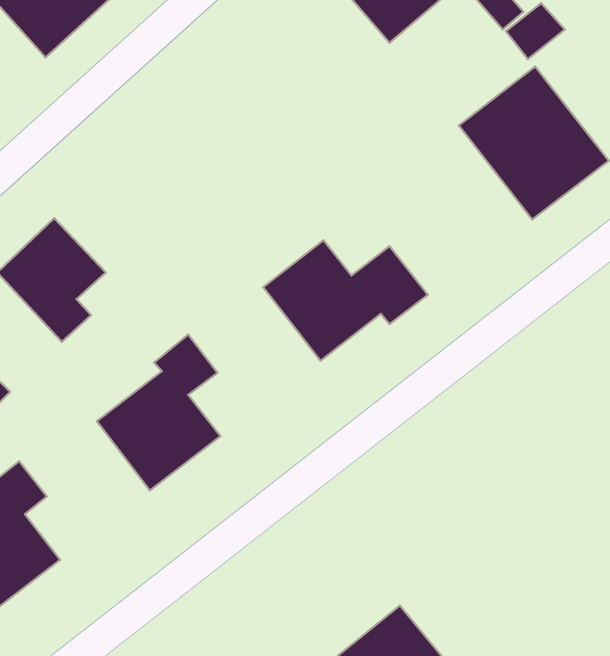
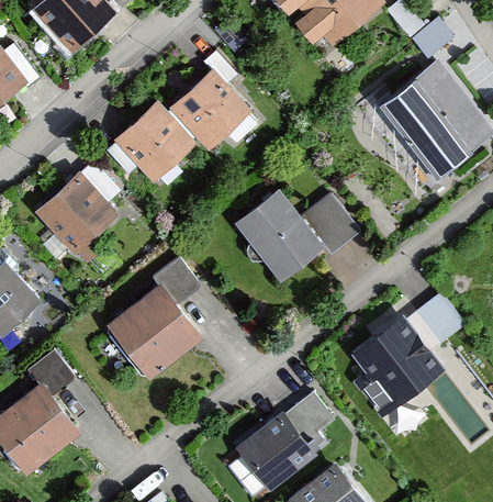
building: none -> [112,71,250,185]
building: none -> [350,295,461,417]
building: none -> [235,393,330,491]

